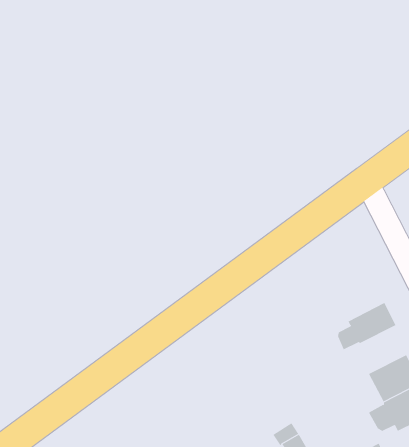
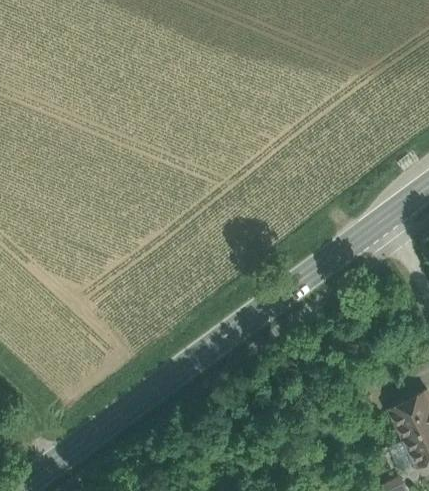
building: [338,302,396,350] -> none

